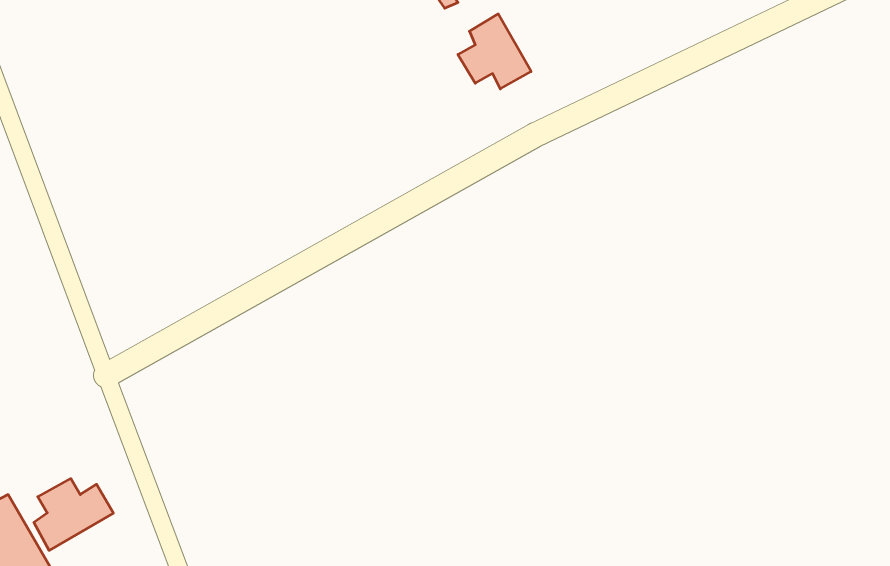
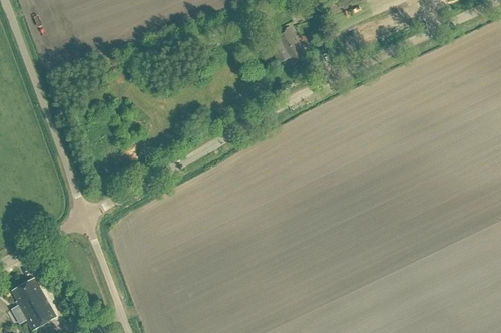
building: [34,479,113,550] -> none

